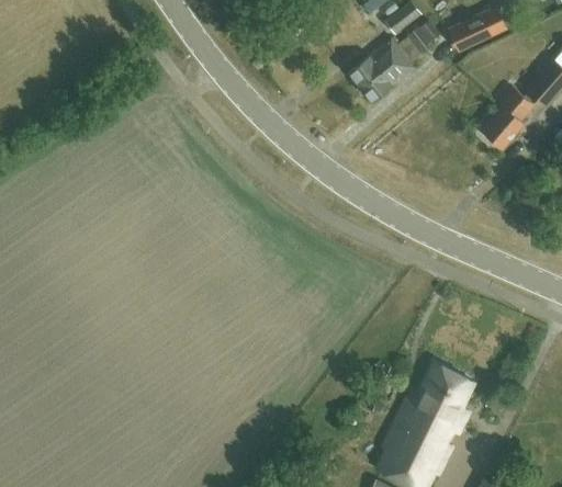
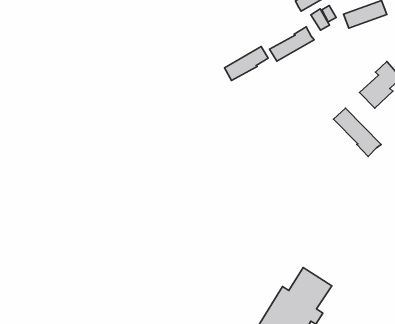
building: [348,41,403,89] -> [224,46,268,81]
building: none -> [333,108,381,157]

